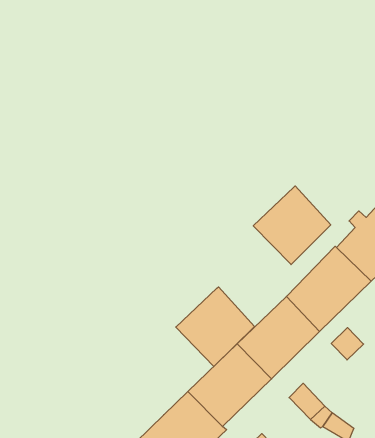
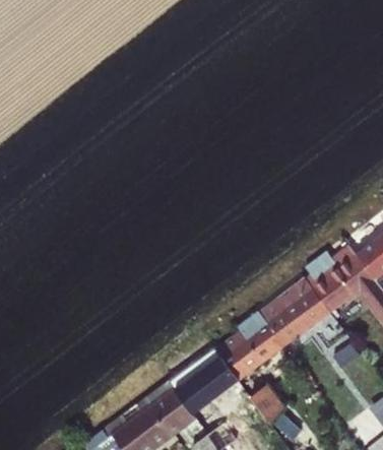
building: [253,186,331,265] -> none
building: [176,287,254,367] -> none

